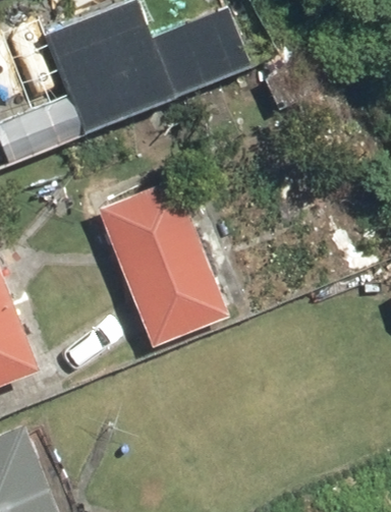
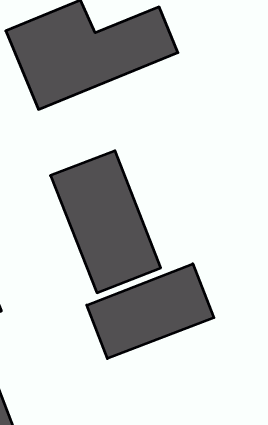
building: none -> [87,264,214,359]

